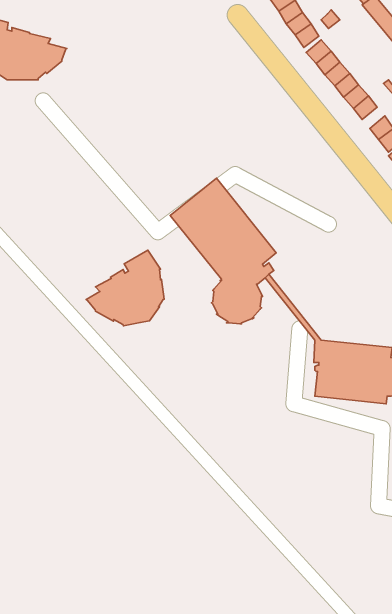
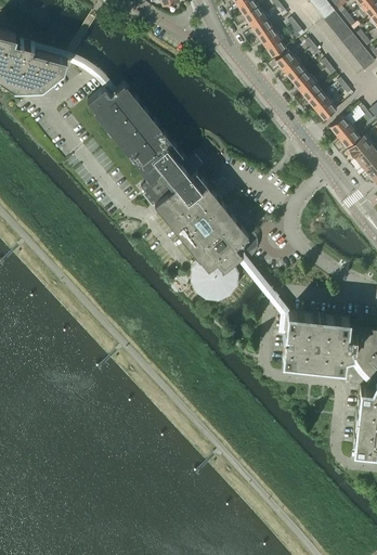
building: none -> [51,50,203,205]
building: [86,250,164,326] -> none

